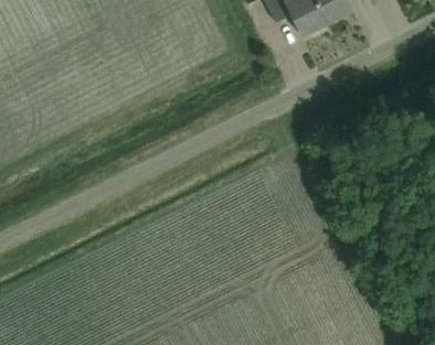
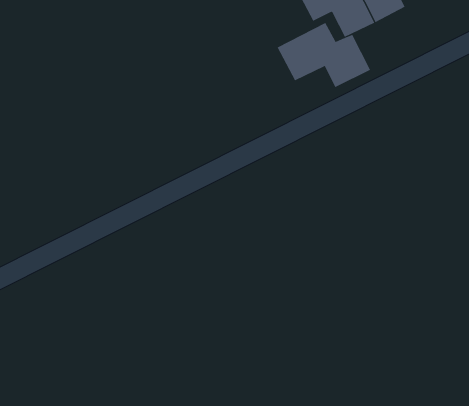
building: none -> [277,22,371,88]

